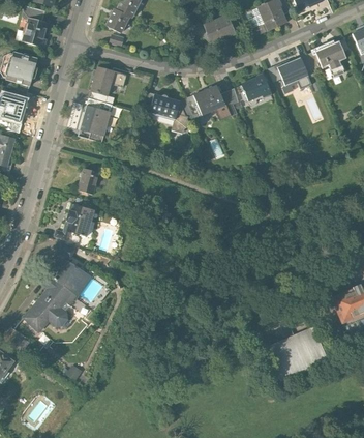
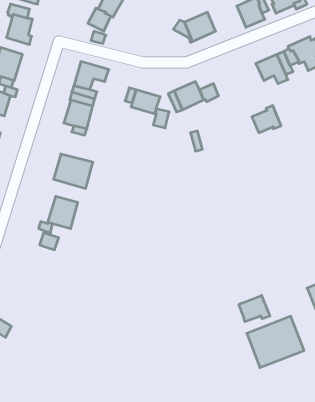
building: [242,74,272,101] -> [252,106,281,133]
building: [22,259,92,332] -> none
building: none -> [239,295,270,322]

